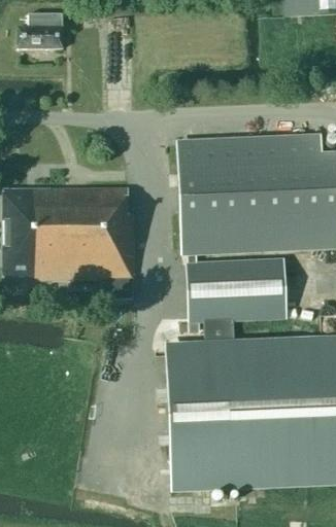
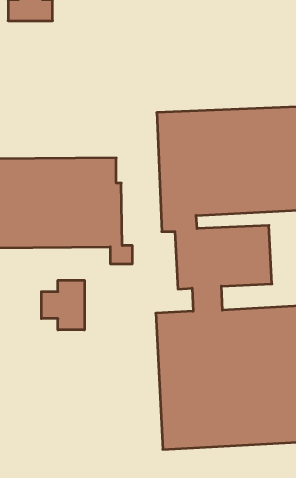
building: none -> [41,280,84,330]

